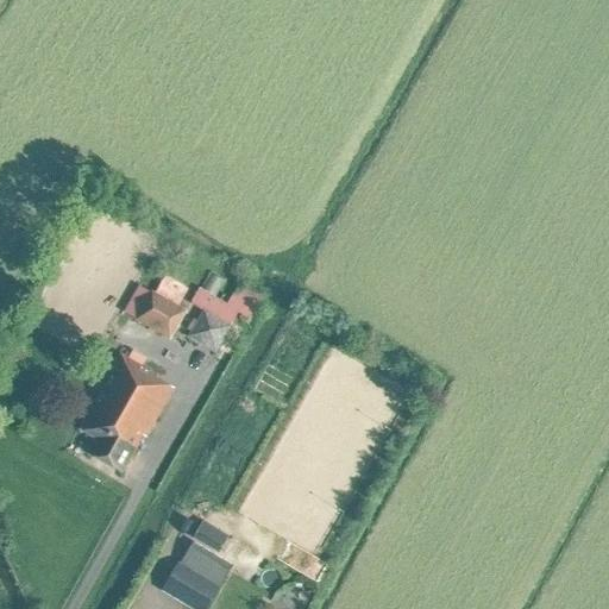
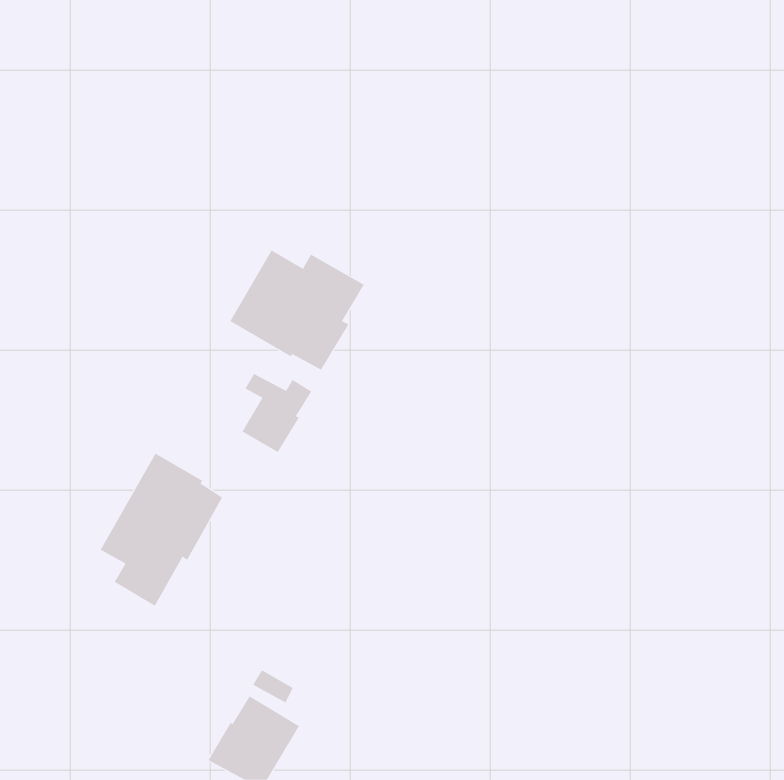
building: none -> [229,249,365,371]
building: [137,289,186,335] -> none

